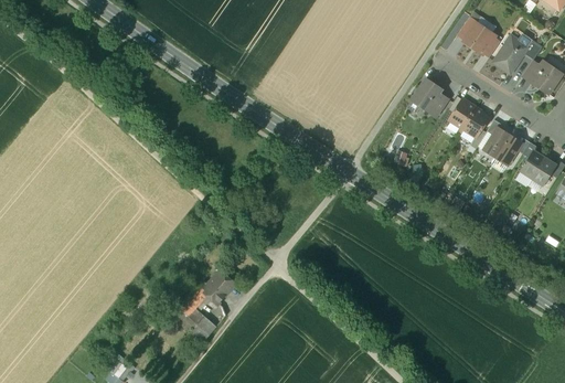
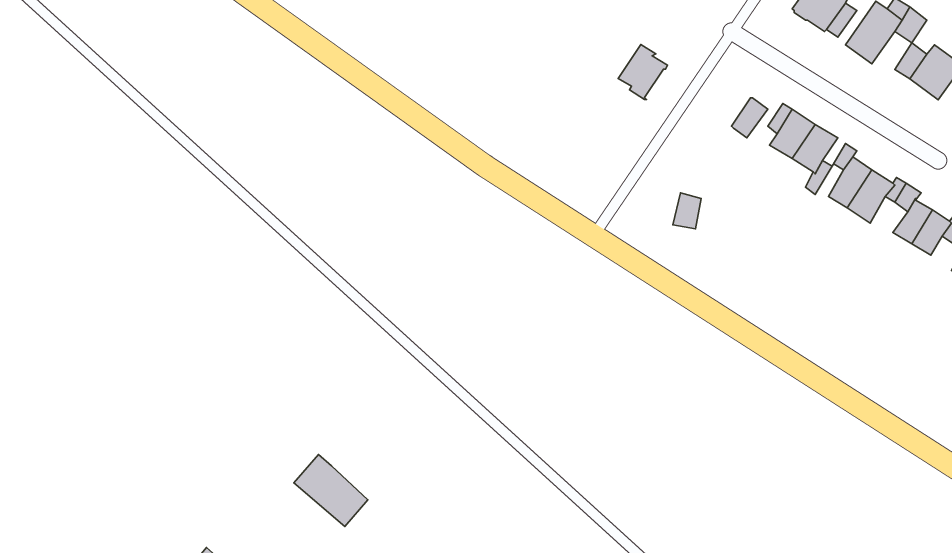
building: [413,78,441,110] -> [618,44,667,99]
building: [188,272,235,307] -> none

